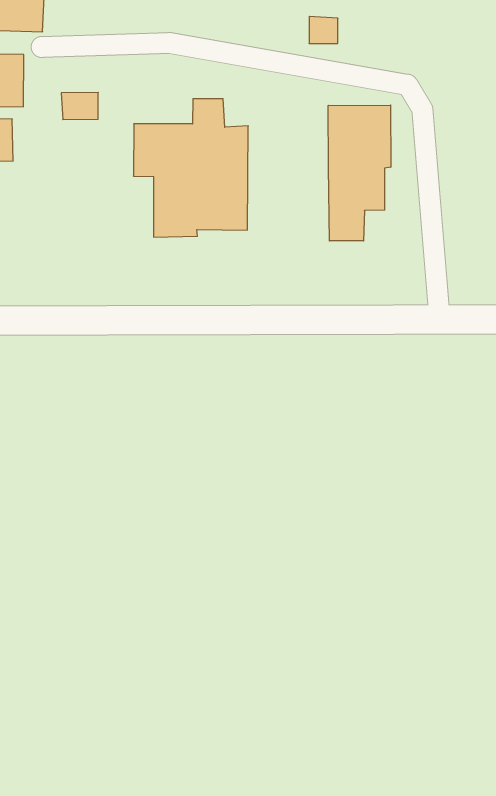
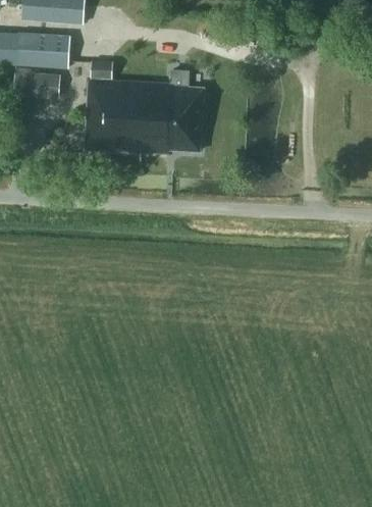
building: [328,105,391,241] -> none
building: none -> [87,80,144,151]

